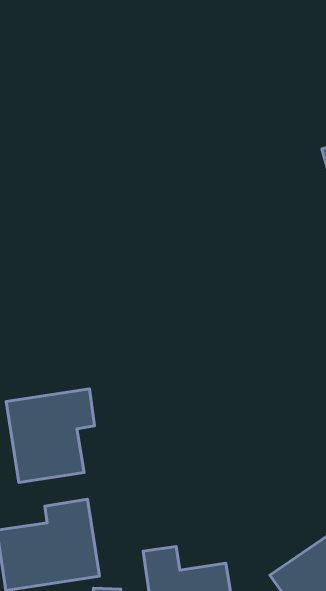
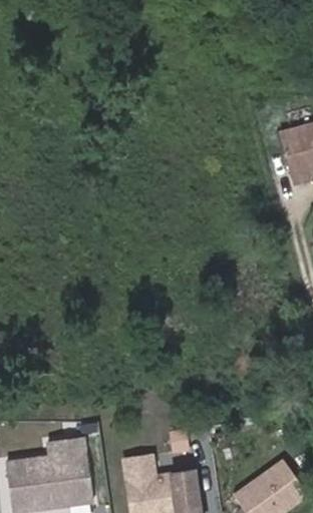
building: [6,389,95,482] -> none

